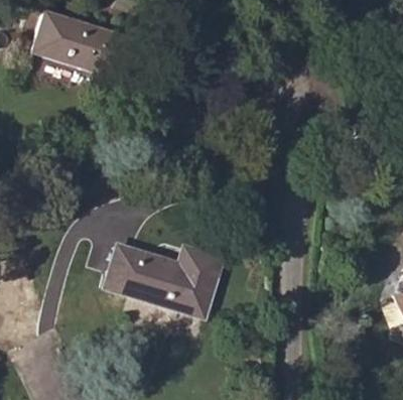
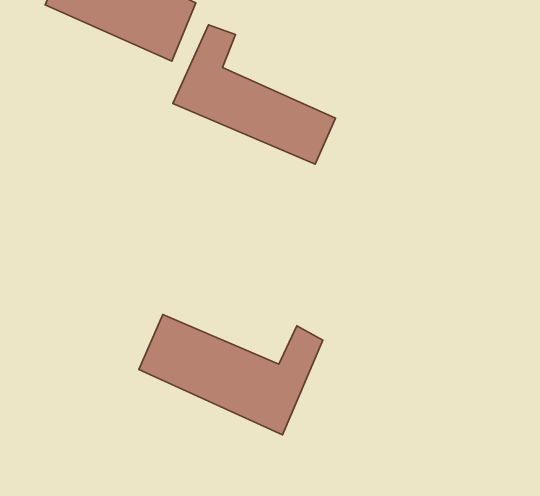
building: none -> [173,25,336,164]

